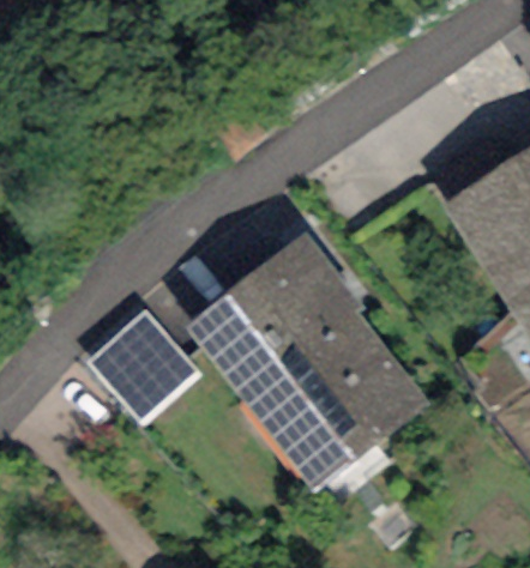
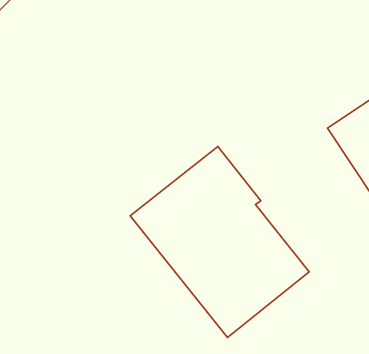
building: [86,310,194,418] -> none

